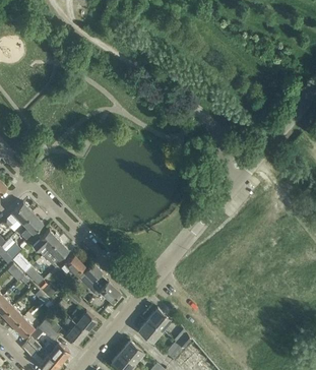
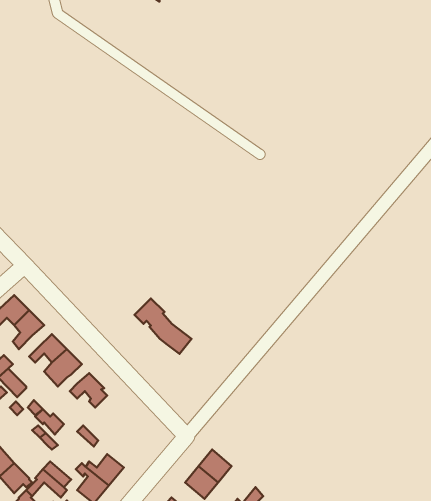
building: [81,264,120,302] -> [134,298,191,354]

